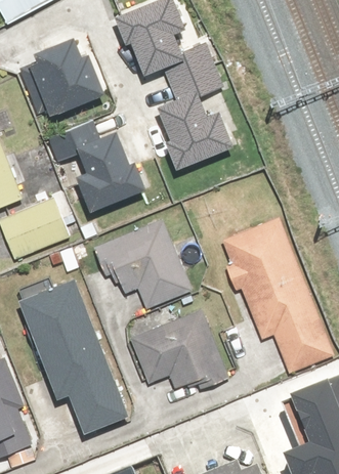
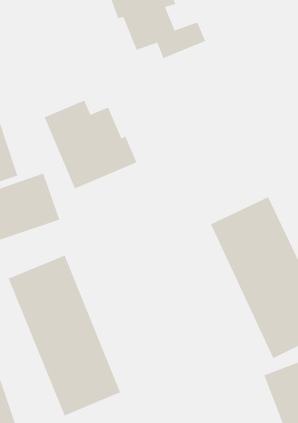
building: [32,36,108,110] -> none
building: [157,63,232,167] -> none
building: [90,225,188,317] -> none
building: [128,308,229,408] -> none

